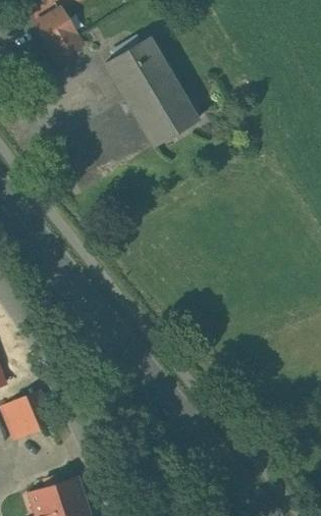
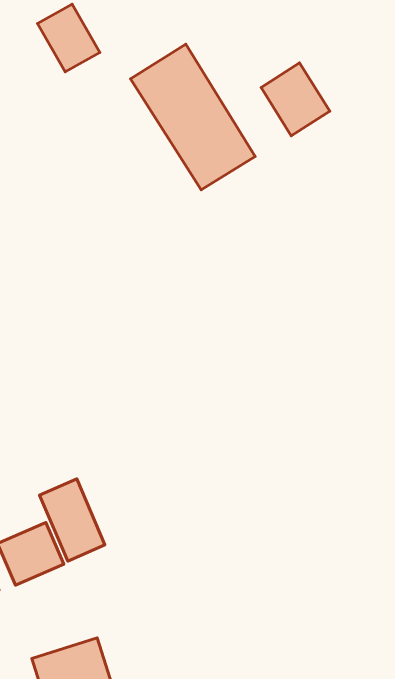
building: none -> [261,63,330,136]
building: none -> [39,479,105,561]

